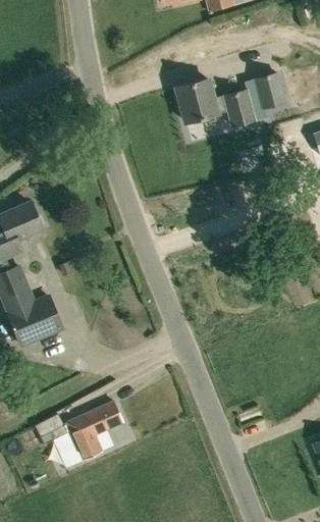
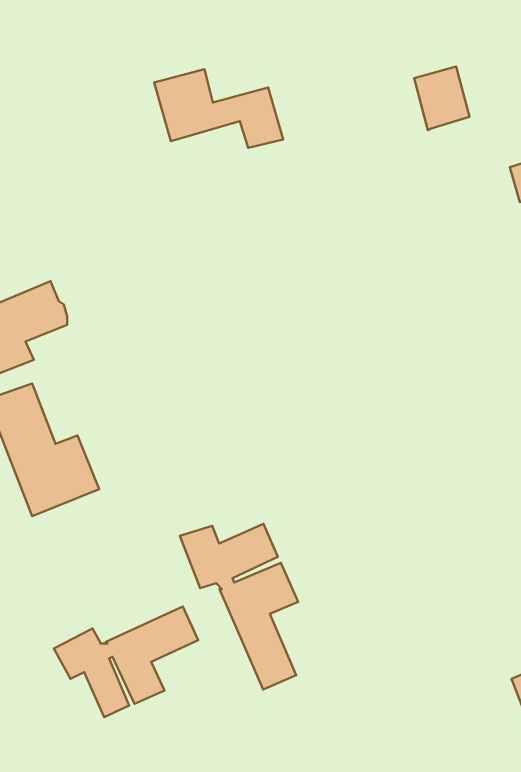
building: [177,79,256,126] -> [154,69,283,148]
building: none -> [180,524,298,690]

